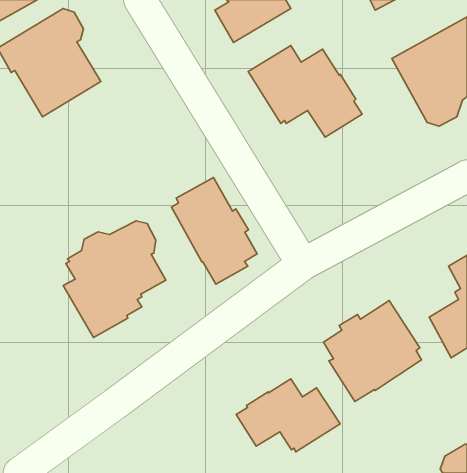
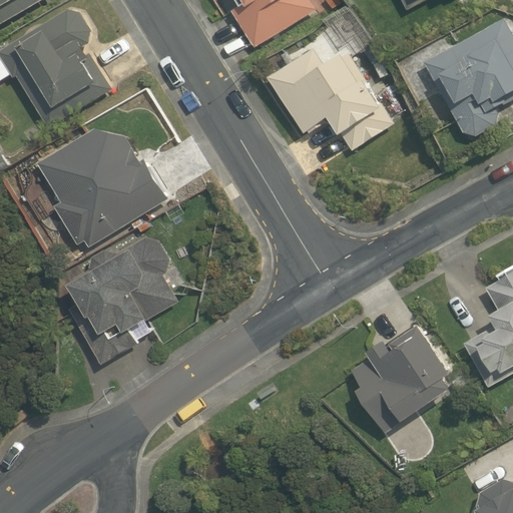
building: none -> [36,129,167,247]
building: [172,178,257,284] -> none
building: [236,379,340,452] -> none

